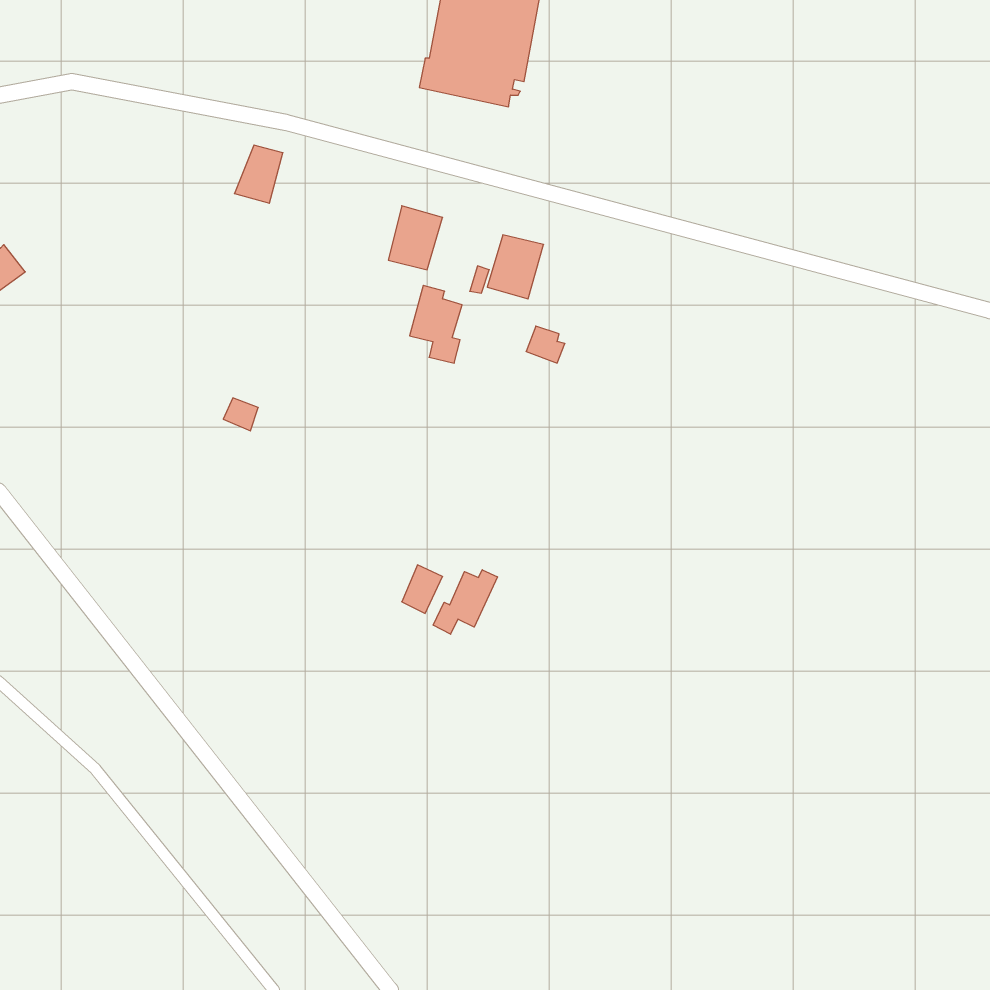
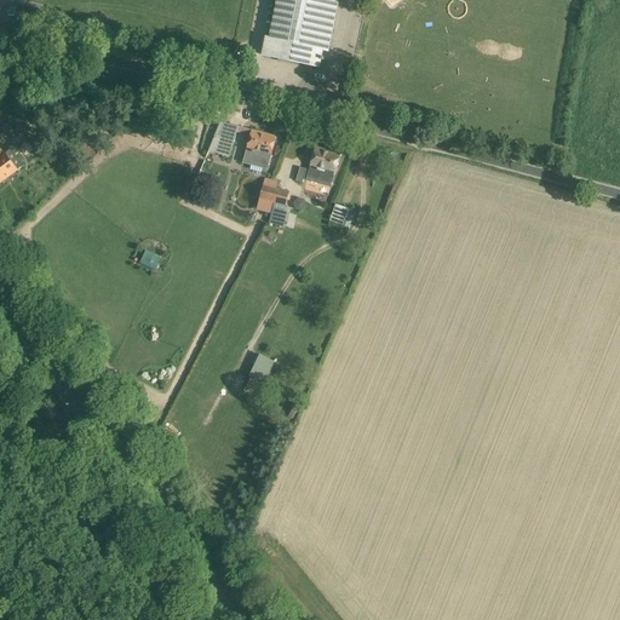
building: [234,145,283,203] -> [207,121,237,157]
building: [433,570,497,634] -> none

